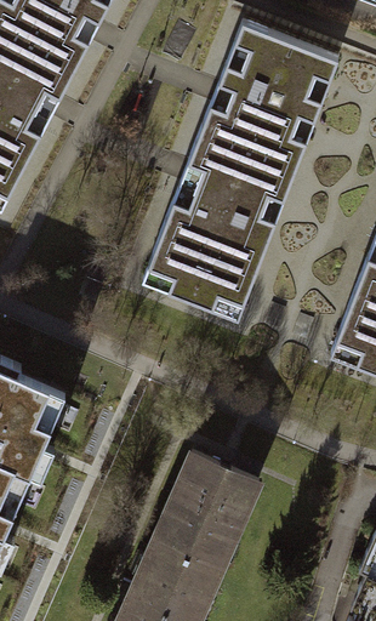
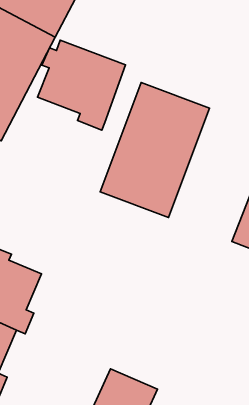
building: [201,21,338,161] -> none
building: none -> [38,40,125,130]
building: [158,452,258,560] -> none

